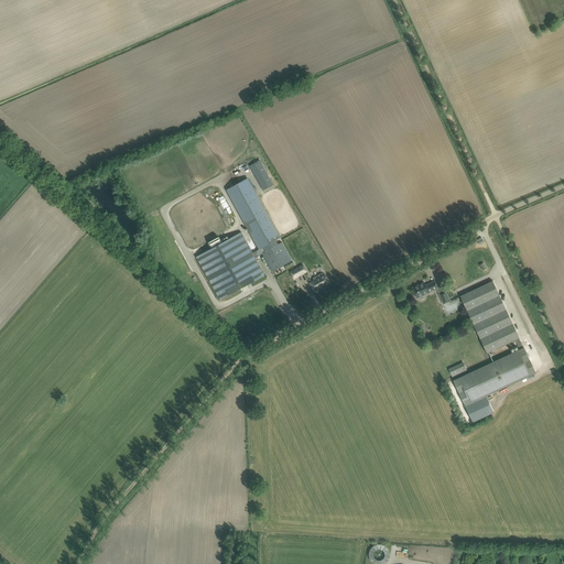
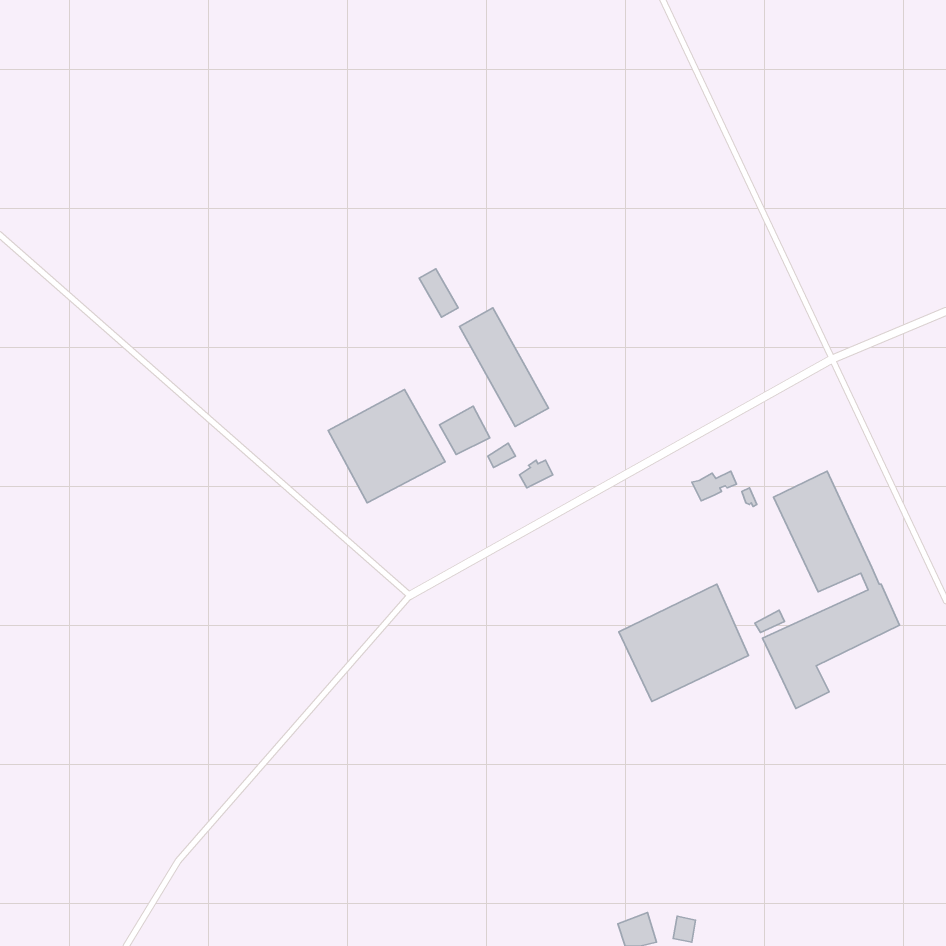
building: [226,177,279,248] -> [459,308,548,427]
building: none -> [619,584,749,702]

